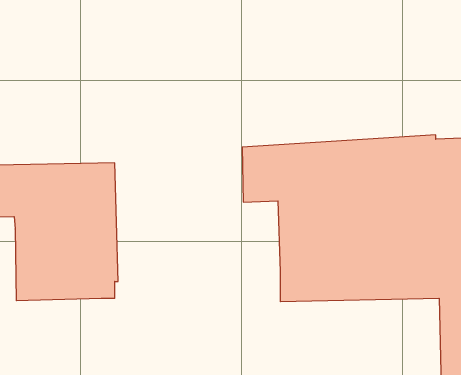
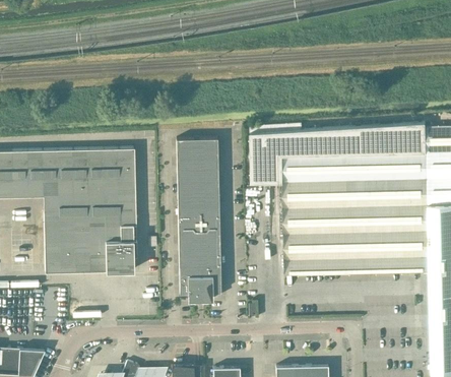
building: none -> [177,138,221,301]

